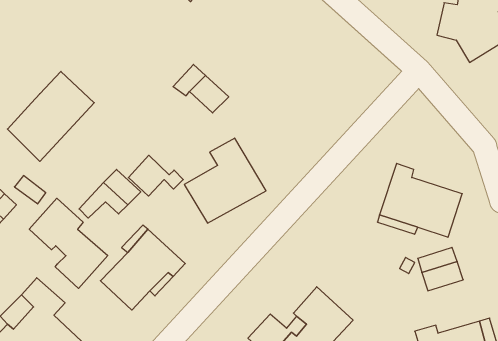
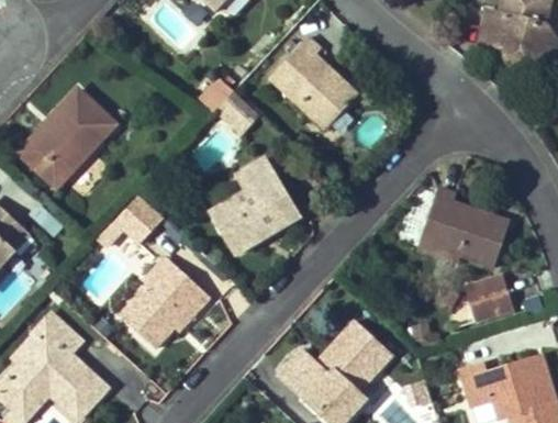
building: none -> [271,37,358,130]
building: [128,155,183,196] -> none
building: [29,198,108,288] -> none

